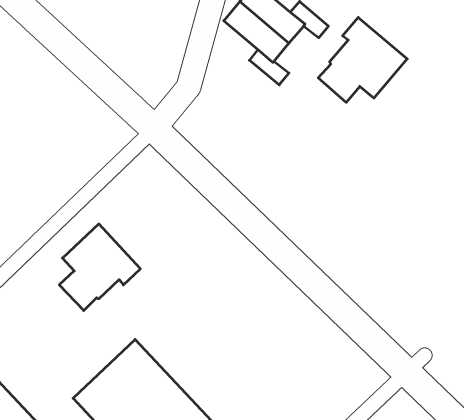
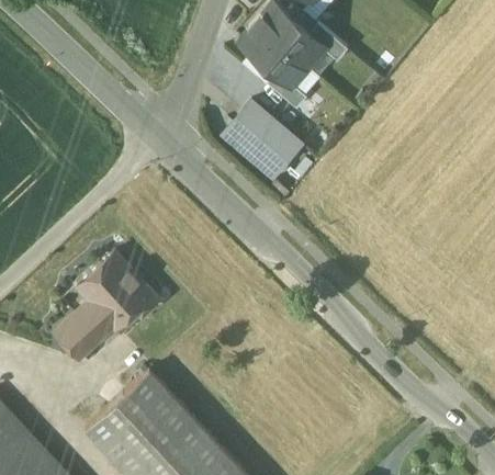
building: [318,17,407,102] -> none
building: none -> [225,104,302,178]
building: none -> [54,316,98,360]

